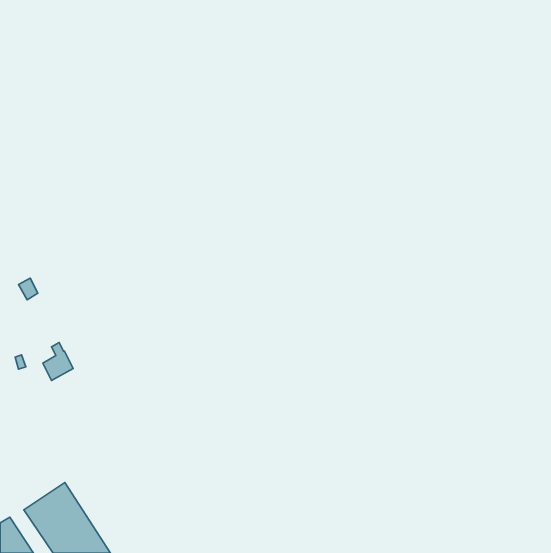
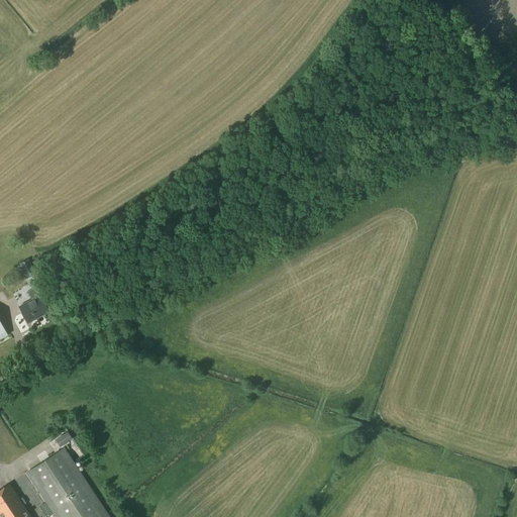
building: [43,343,73,380] -> [21,287,49,322]

